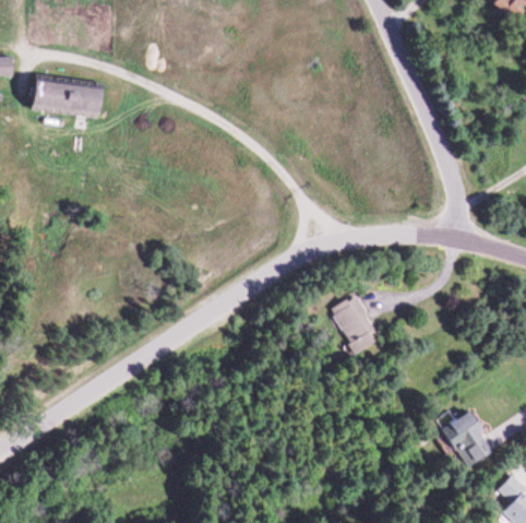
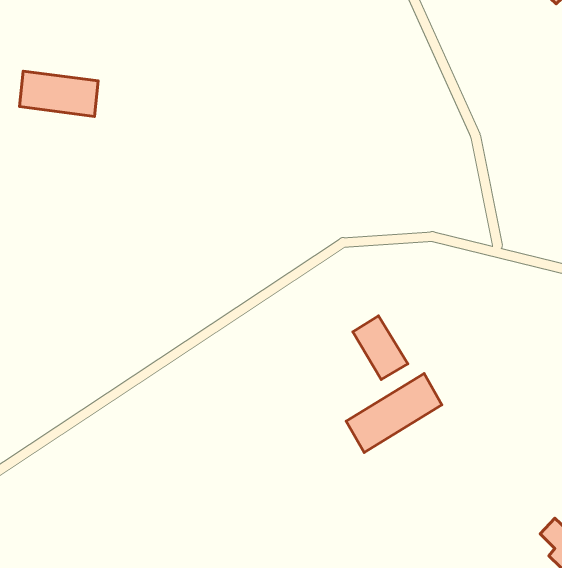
building: none -> [346,373,442,453]
building: [441,409,494,467] -> none

